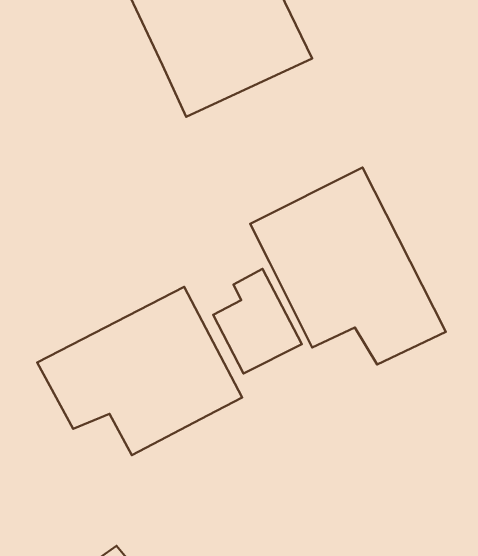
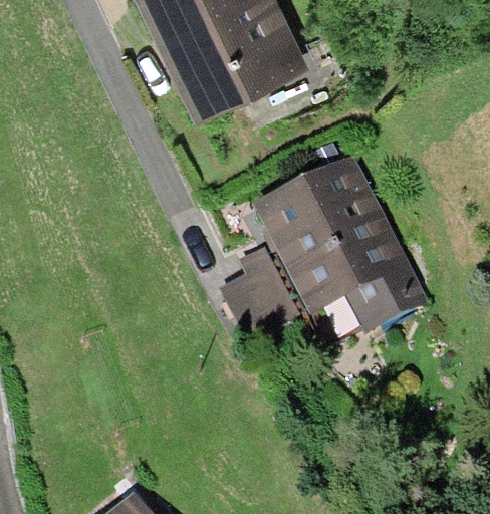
building: [37,287,242,455] -> none

